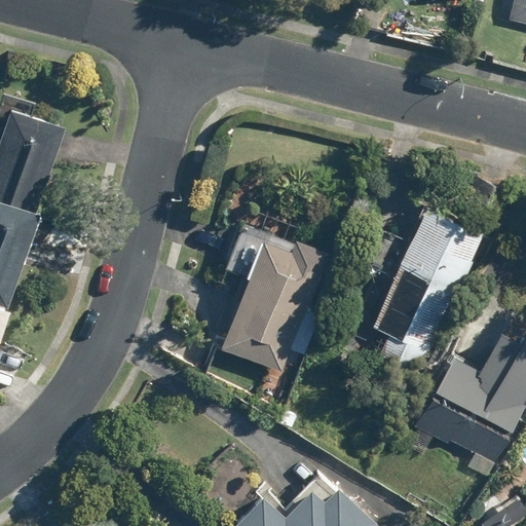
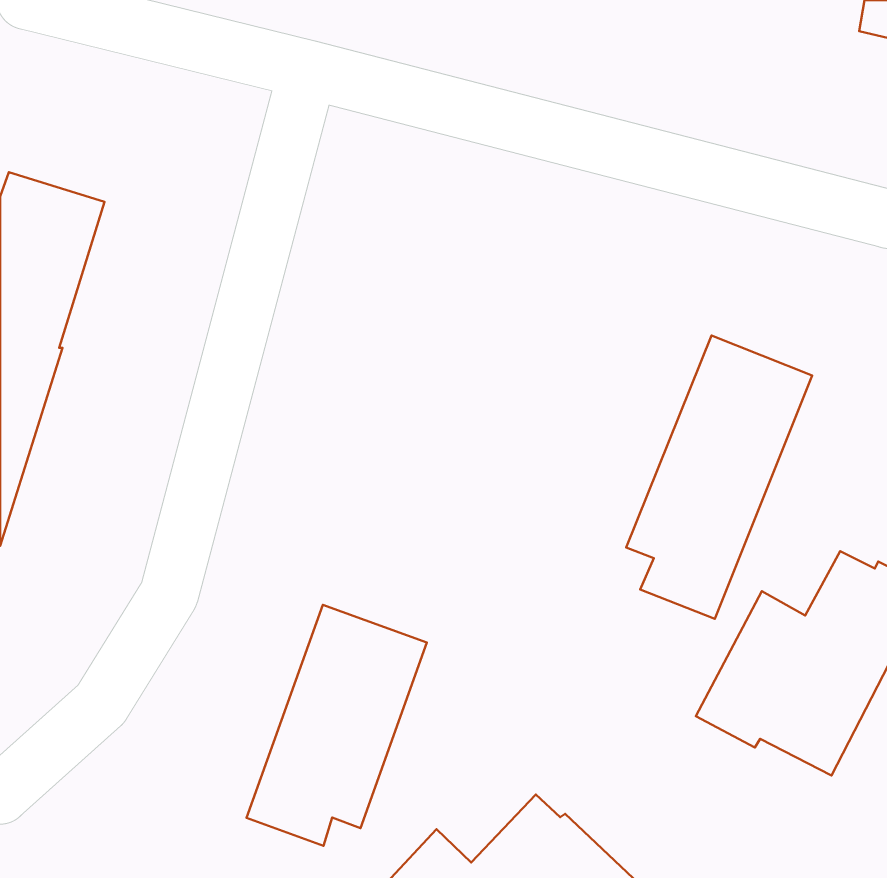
building: [217,238,327,375] -> none
building: none -> [247,605,427,846]

